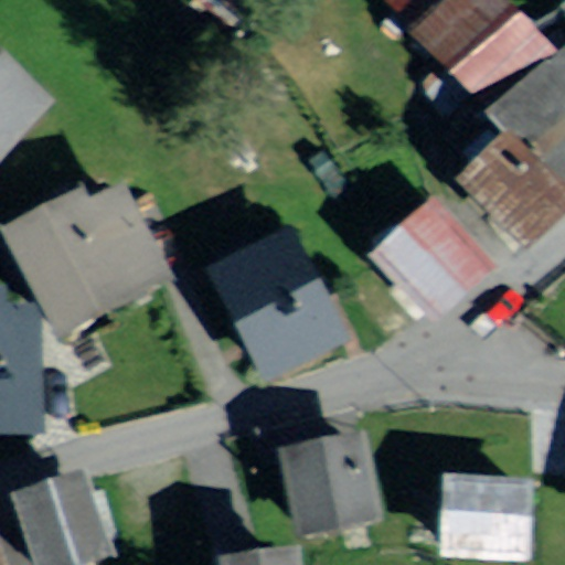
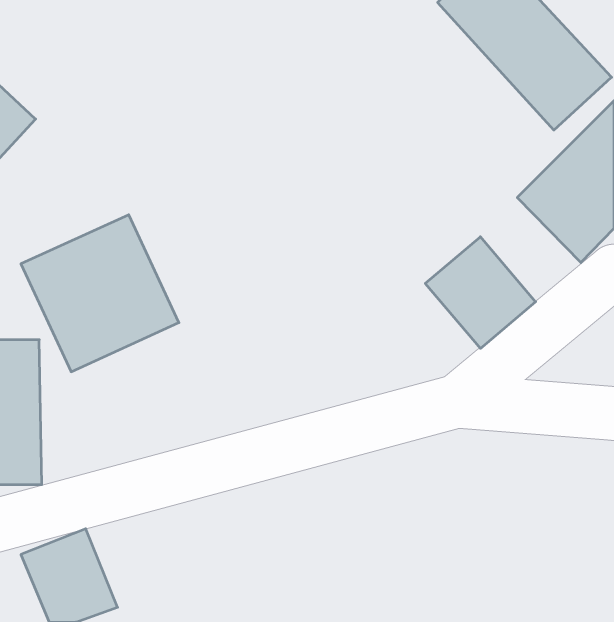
building: [218,238,333,366] -> none
building: [284,436,370,526] -> none
building: [450,482,523,547] -> none

